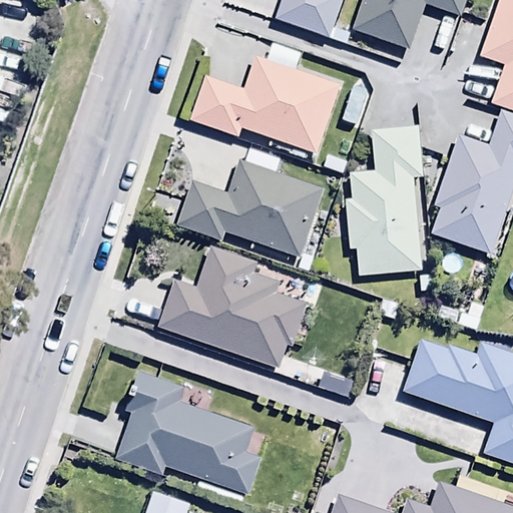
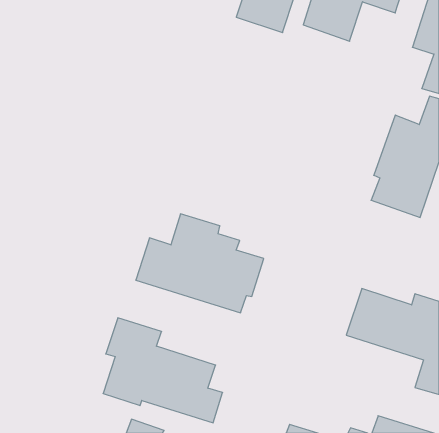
building: [189,55,339,154] -> none
building: [347,127,423,276] -> none
building: [176,159,325,259] -> none

